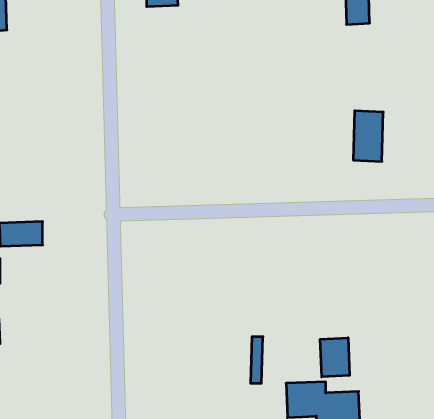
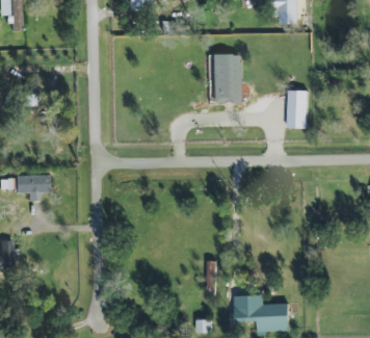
building: none -> [212,53,240,102]
building: [320,338,350,377] -> none

